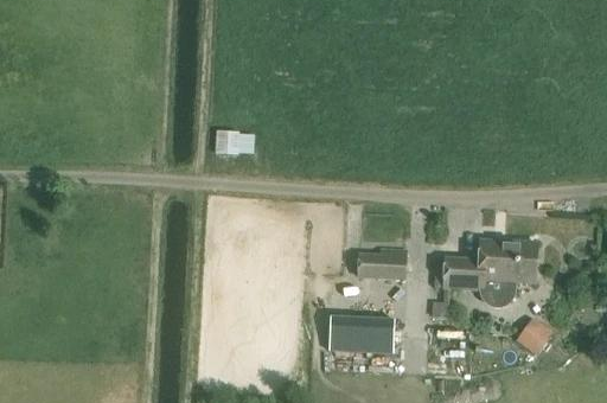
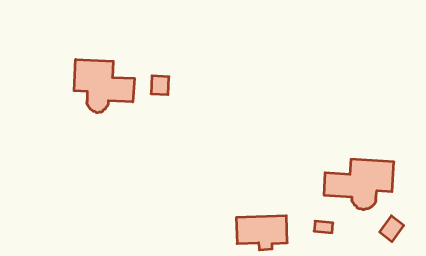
building: none -> [74,59,134,113]
building: [359,249,405,279] -> none

